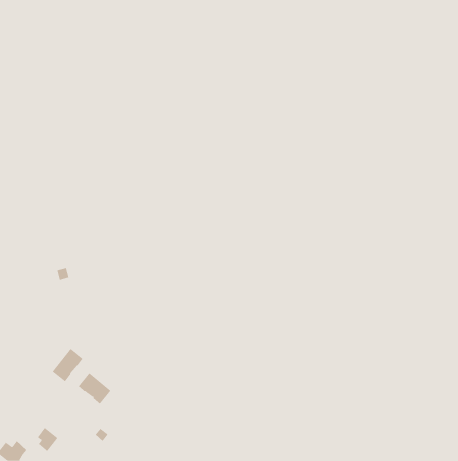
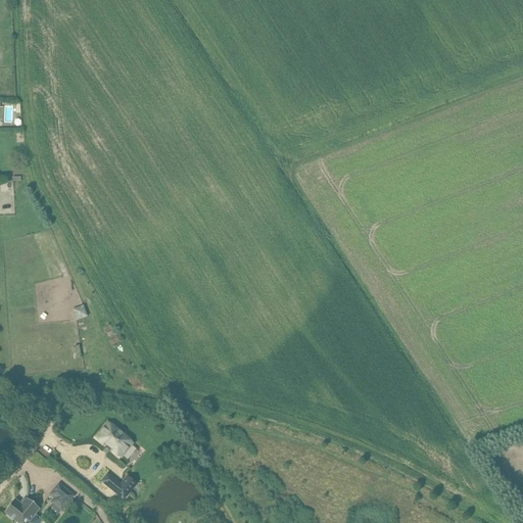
building: [52,348,83,382] -> none

